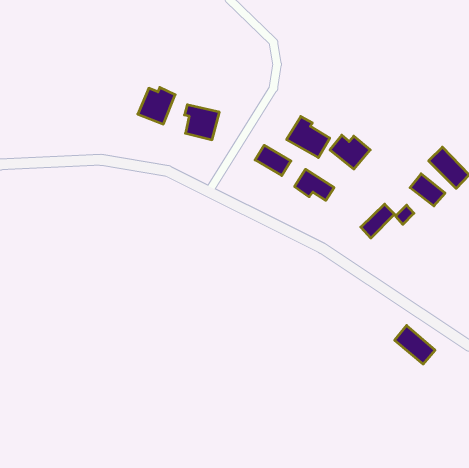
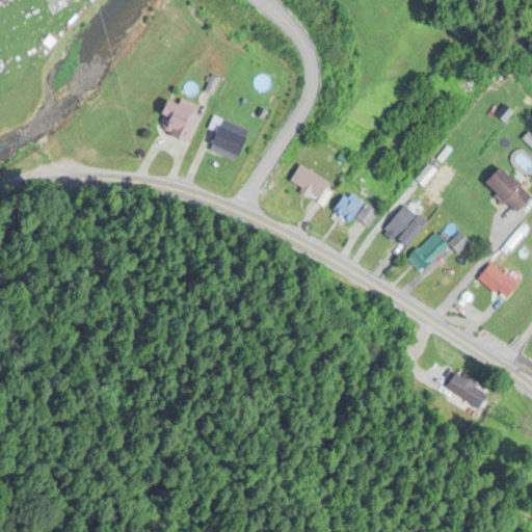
building: [287,116,330,158] -> none
building: [330,135,370,169] -> [377,209,423,247]
building: [410,174,445,206] -> [478,262,517,298]

